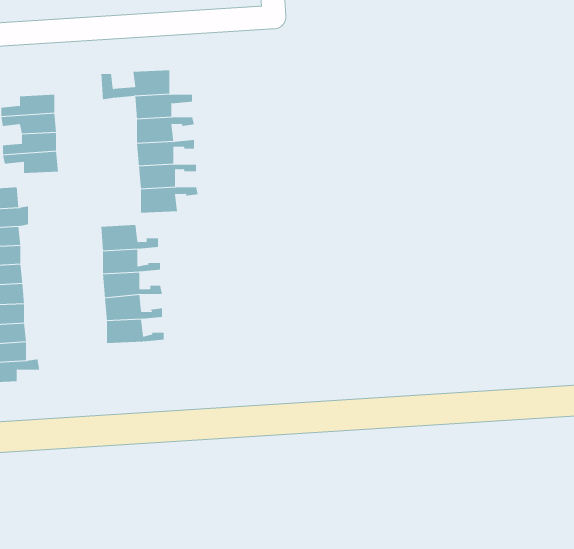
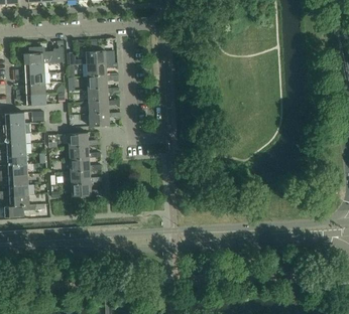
building: none -> [23,45,62,63]

